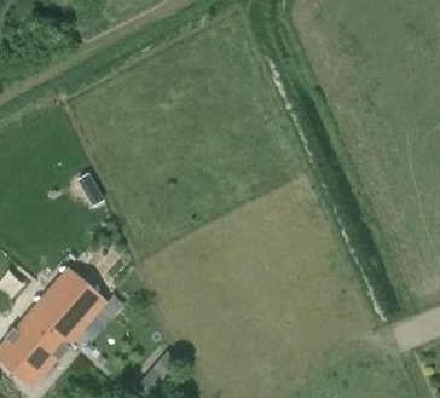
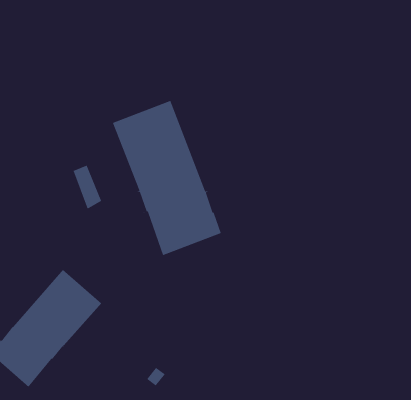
building: none -> [112,100,222,256]

